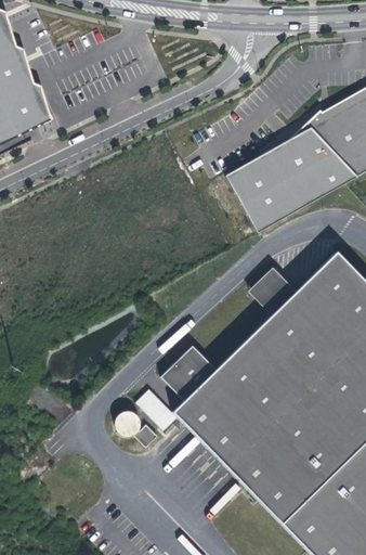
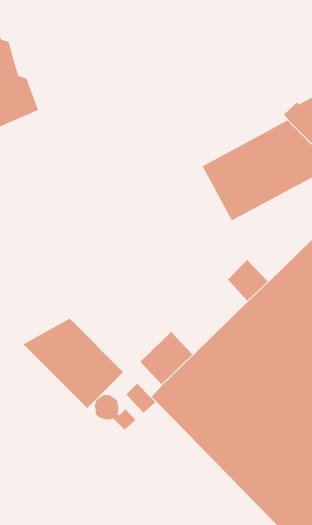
building: none -> [22,318,124,409]

